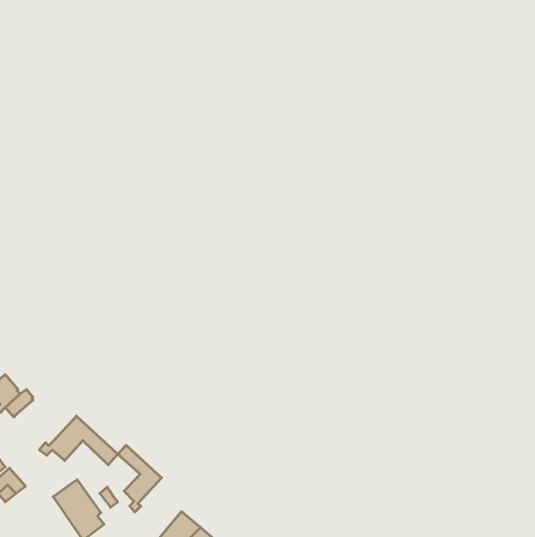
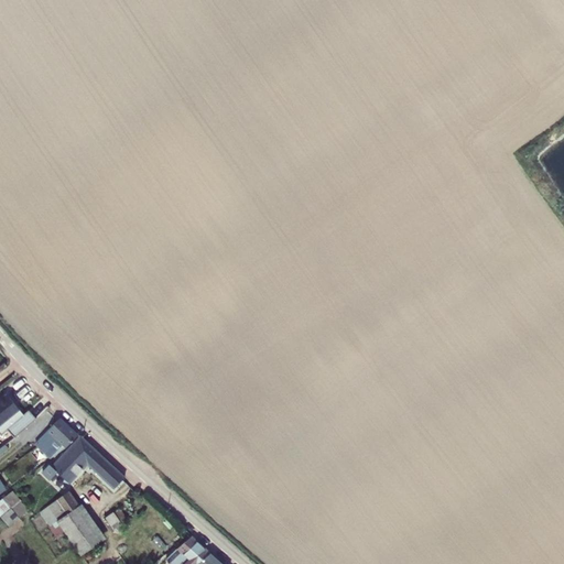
building: none -> [36,417,77,459]
building: [118,445,162,512] -> none
building: none -> [37,491,77,527]

